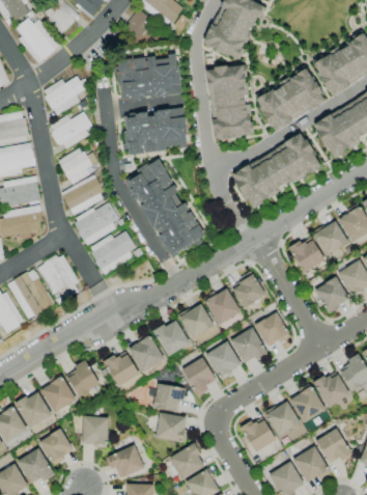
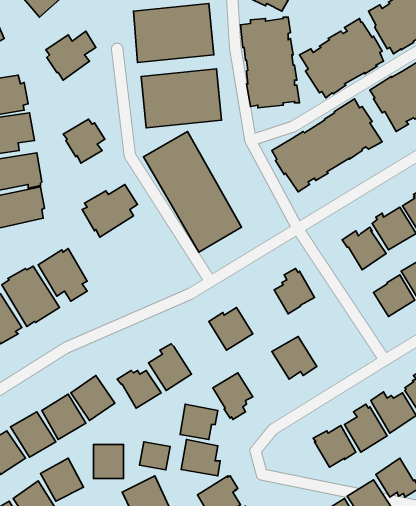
building: [51,112,92,149] -> none
building: [61,174,104,216] -> none
building: [90,231,137,275] -> none
building: [204,288,241,325] -> none
building: [254,312,290,345] -> none
building: [152,321,190,357] -> none
building: [205,341,241,381] -> none
building: none -> [140,442,170,470]
building: [239,420,276,452] -> none

